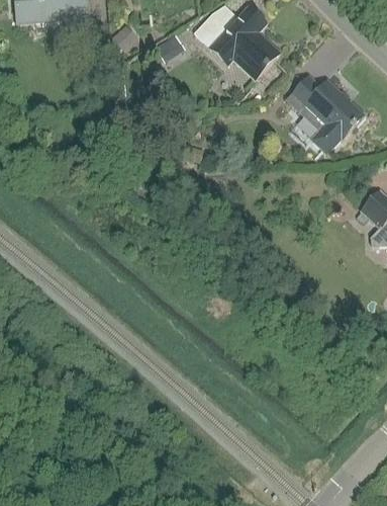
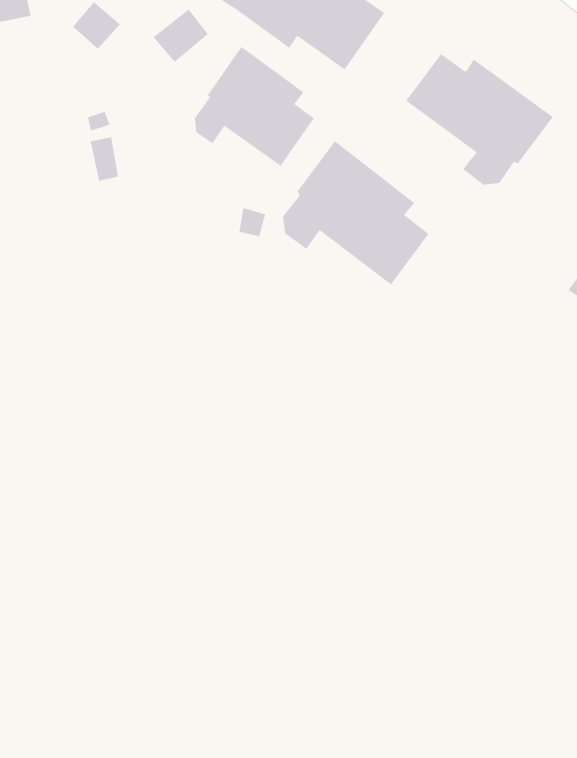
building: none -> [194,46,315,167]
building: none -> [282,140,430,285]

